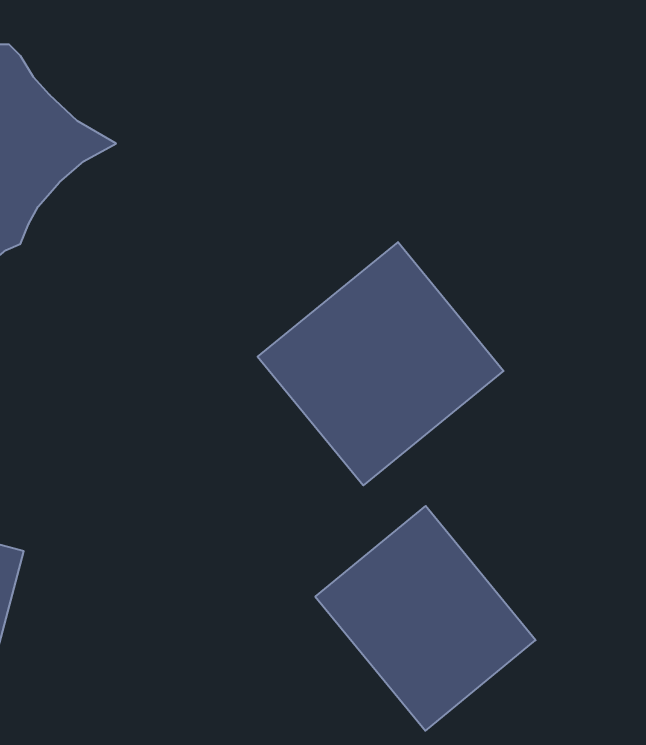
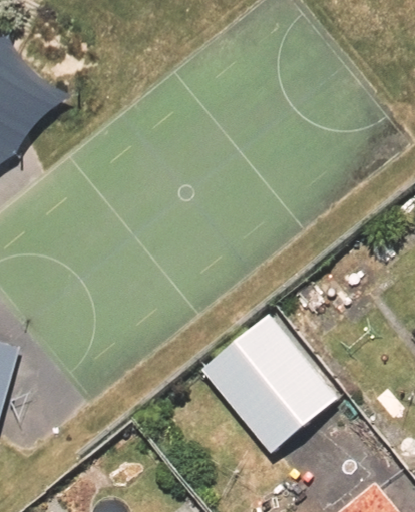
building: [258,242,504,485] -> none

